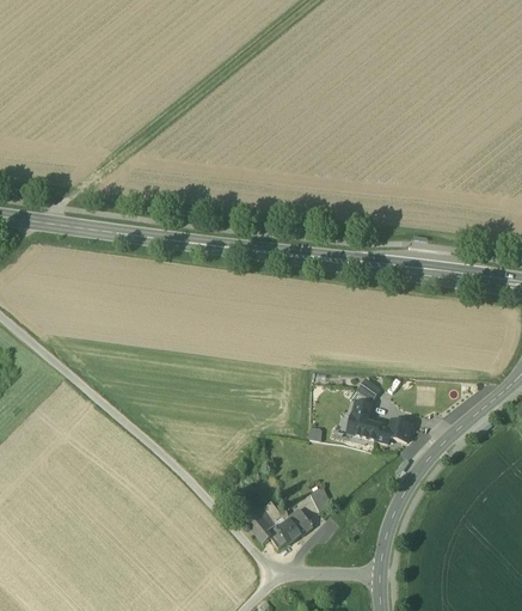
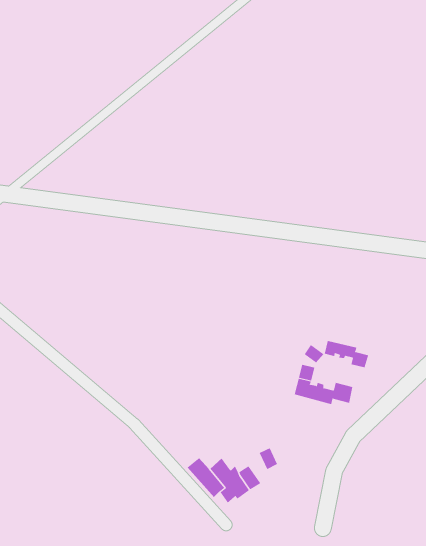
building: none -> [324,340,369,368]

